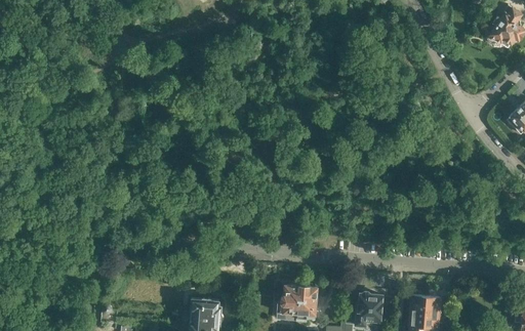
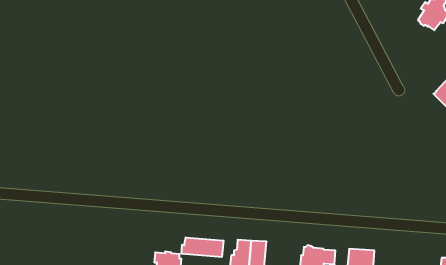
building: none -> [182,237,224,257]

